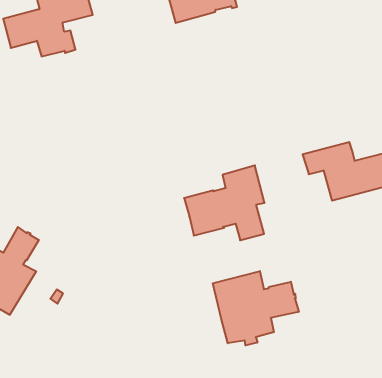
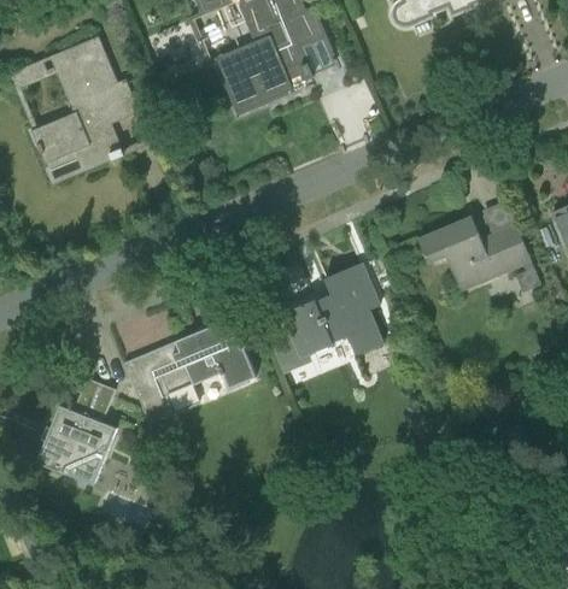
building: none -> [123,318,254,426]
building: [213,271,299,345] -> none

